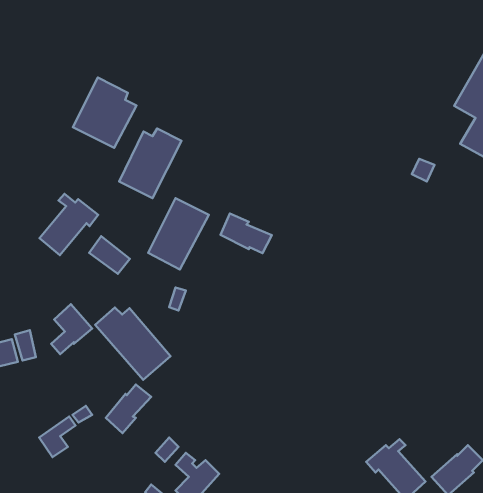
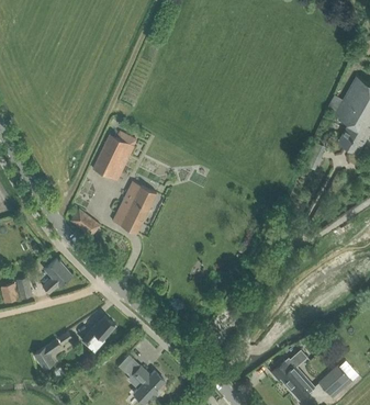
building: [73,78,136,148] -> none
building: [40,194,98,255] -> none
building: [221,213,272,253] -> none
building: [95,308,171,380] -> none

